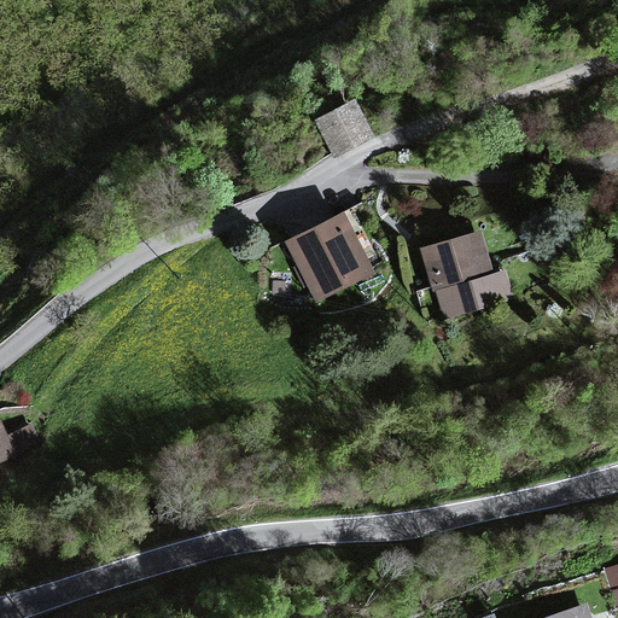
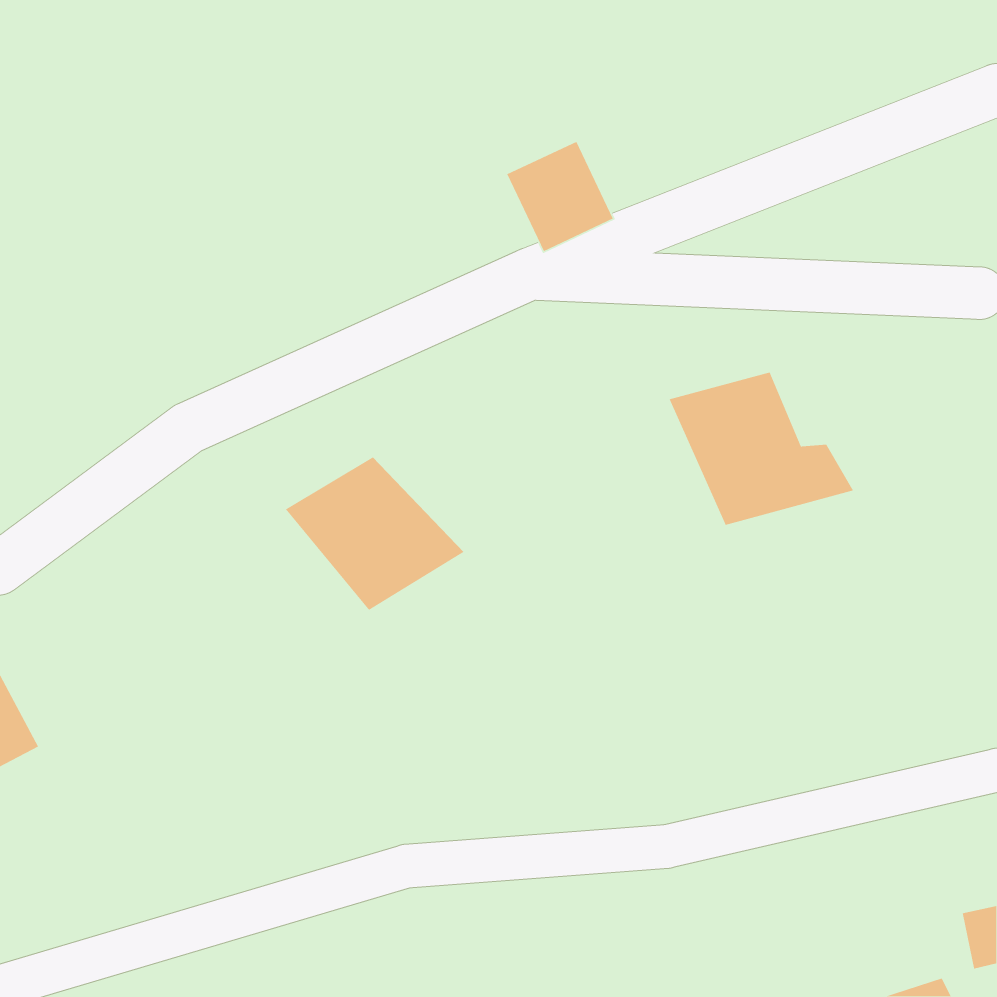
building: [276,212,387,308] -> [285,457,465,611]

